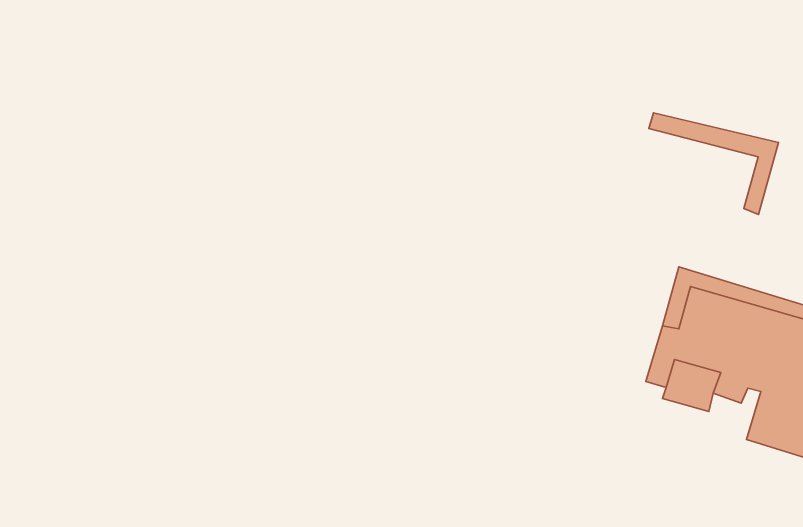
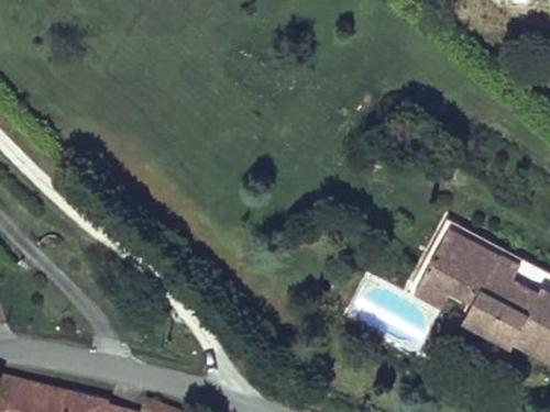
building: [649,113,778,214] -> none

